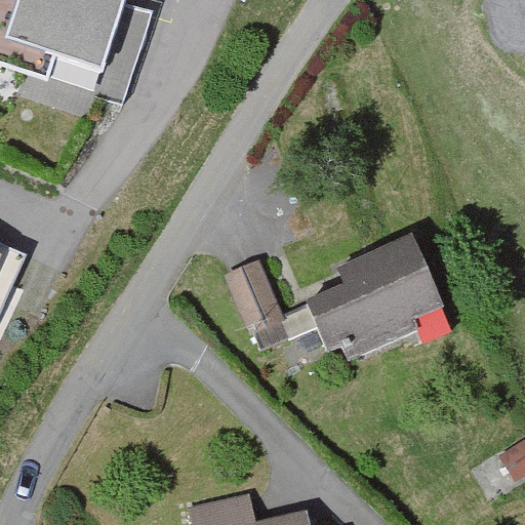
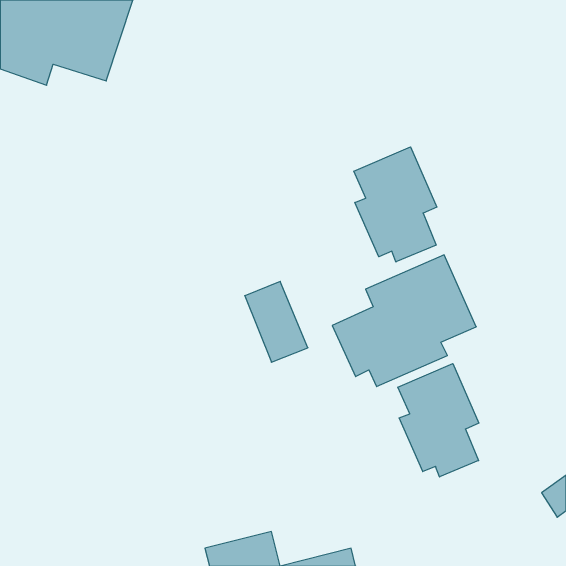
building: none -> [354,147,437,262]
building: none -> [398,364,479,477]

